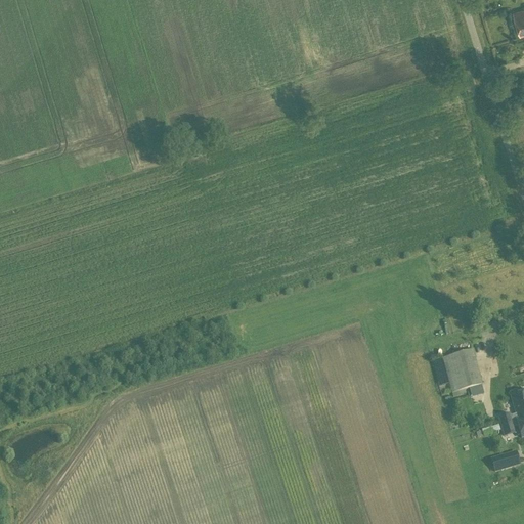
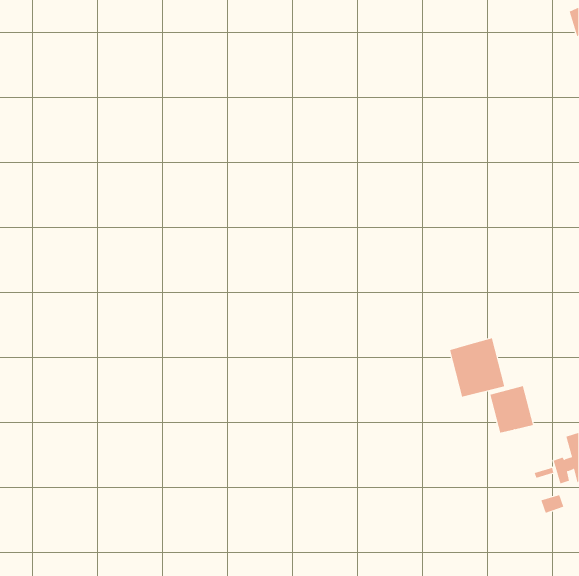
building: none -> [449,338,505,397]

